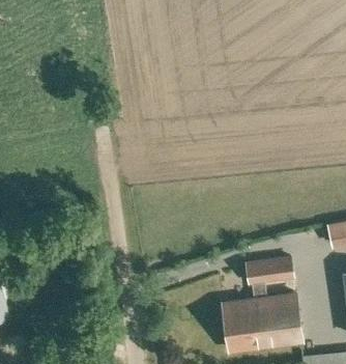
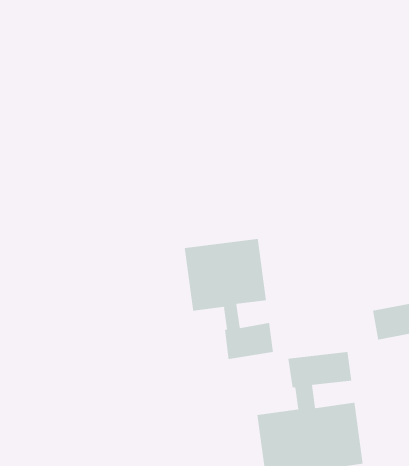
building: none -> [184,238,274,360]

